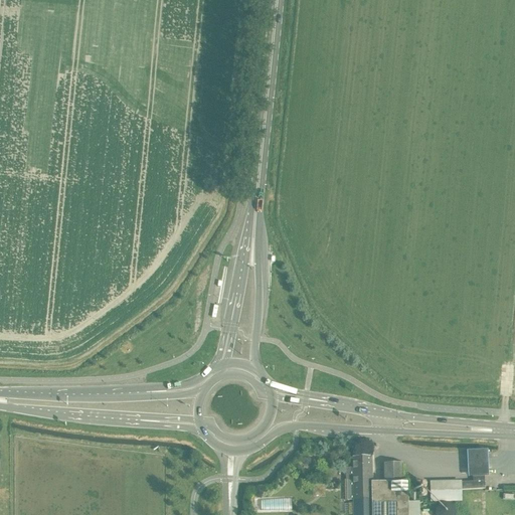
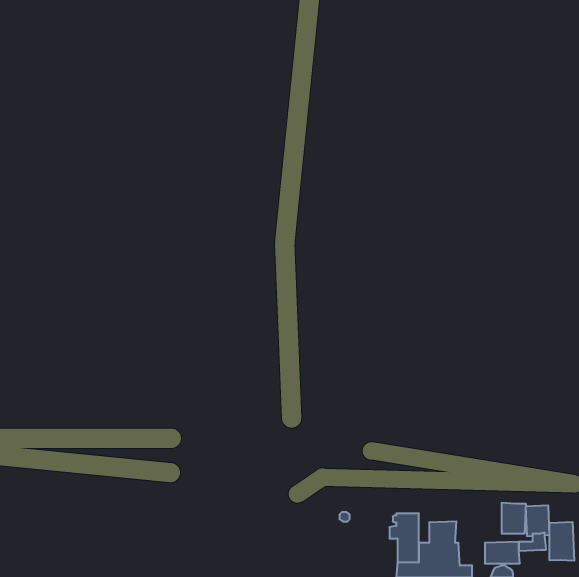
building: none -> [502,503,526,534]
building: none -> [549,522,574,561]

